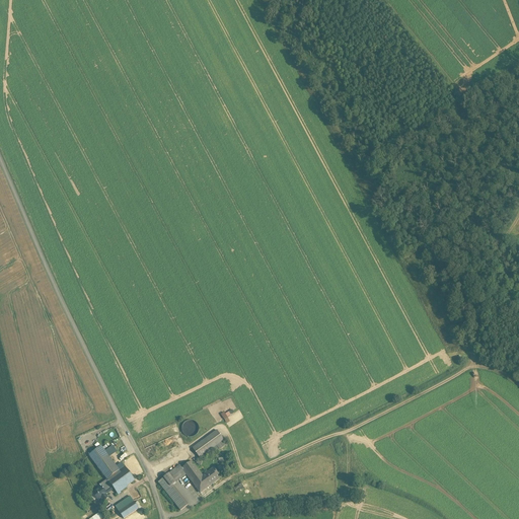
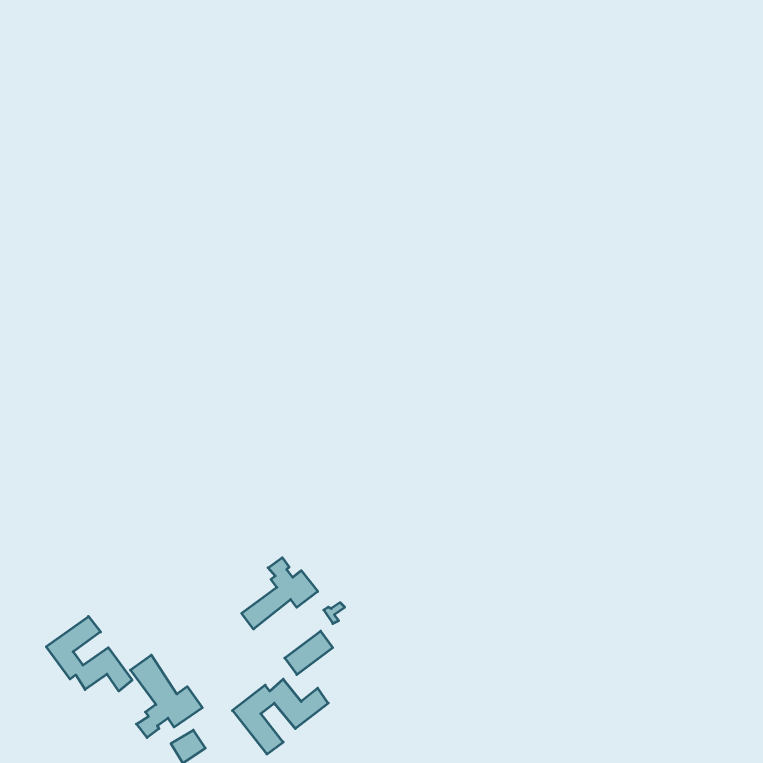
building: none -> [242,558,318,629]
building: none -> [46,616,132,691]

